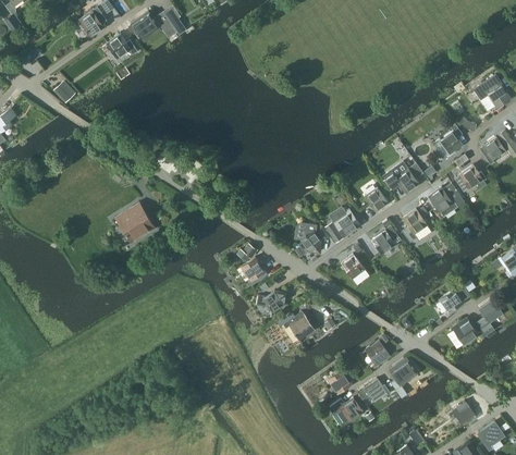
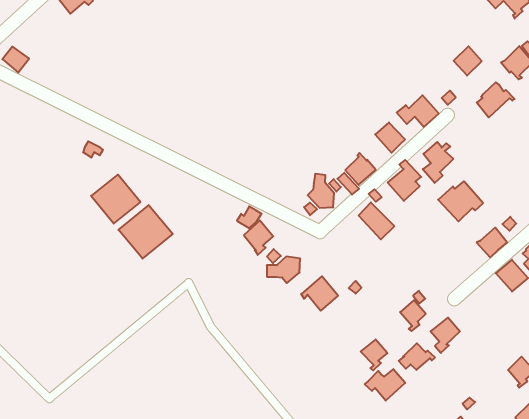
building: [428,183,466,217] -> [438,181,483,221]
building: none -> [118,205,173,259]

